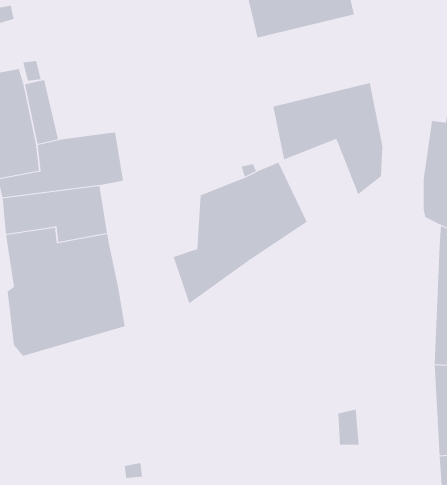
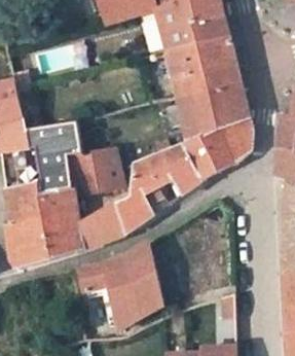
building: none -> [169,43,243,103]
building: none -> [183,124,234,178]
building: none -> [67,147,122,191]
building: none -> [79,201,124,246]
building: none -> [78,240,162,326]

